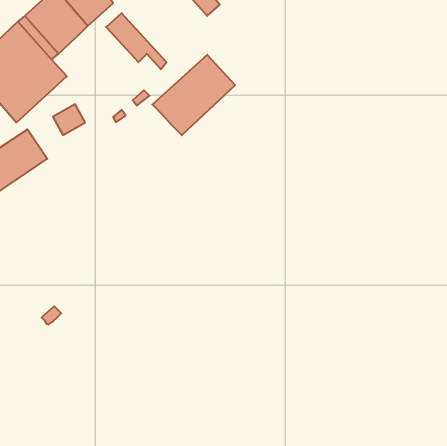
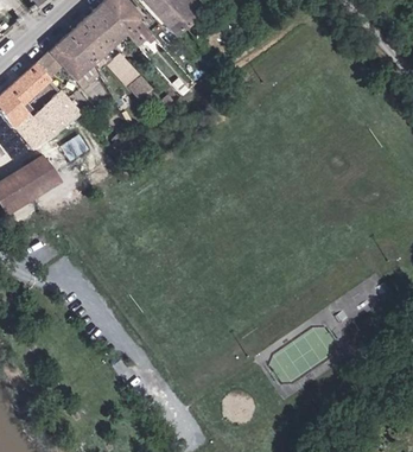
building: [152,55,235,135] -> none

